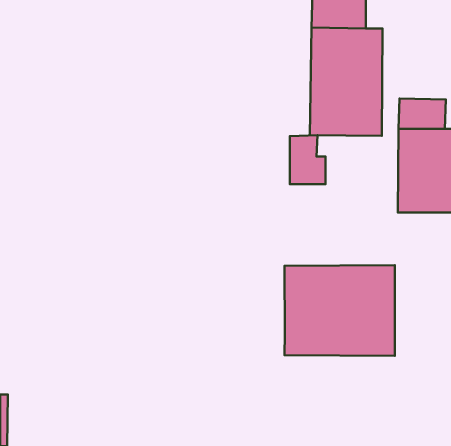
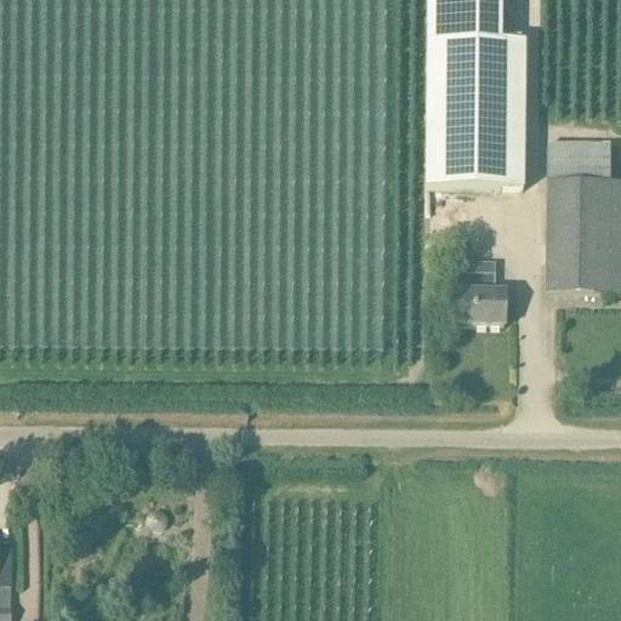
building: [290,135,325,184] -> [460,255,508,321]
building: [285,265,395,356] -> none

